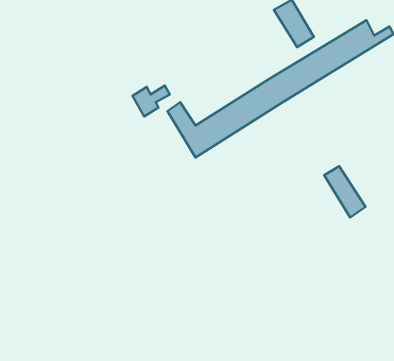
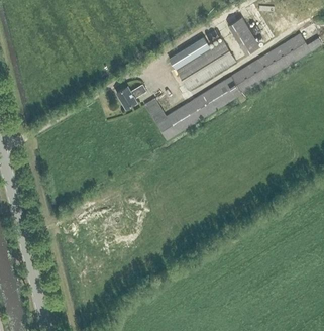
building: none -> [170,36,236,89]
building: [324,166,366,217] -> none

